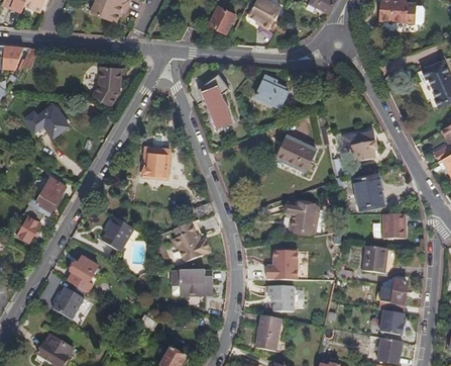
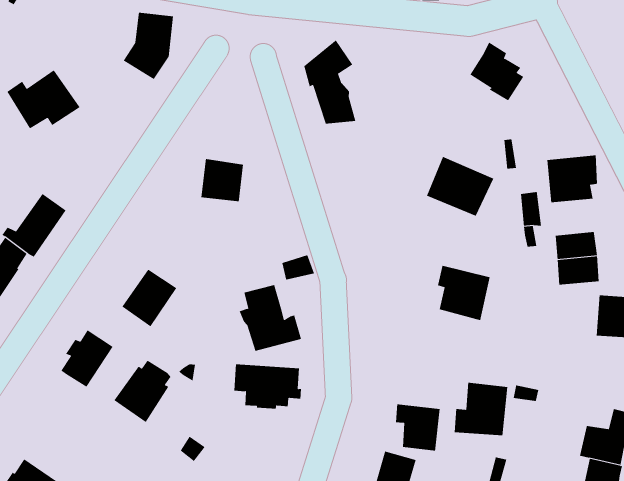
building: [255,72,288,106] -> [470,42,524,101]
building: [362,246,386,273] -> none
building: [267,250,298,280] -> [454,382,508,436]
building: [52,282,86,319] -> [114,360,172,423]

